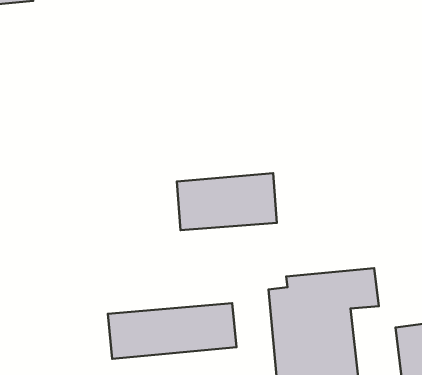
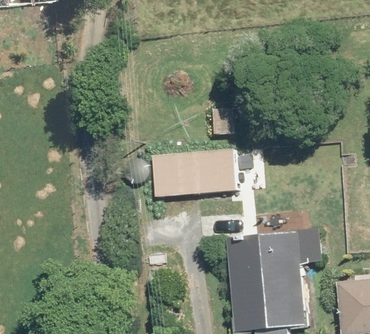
building: [108,303,236,359] -> none

